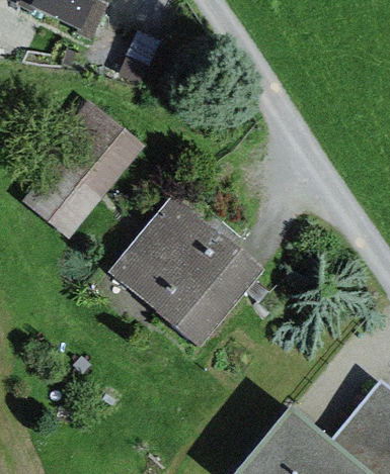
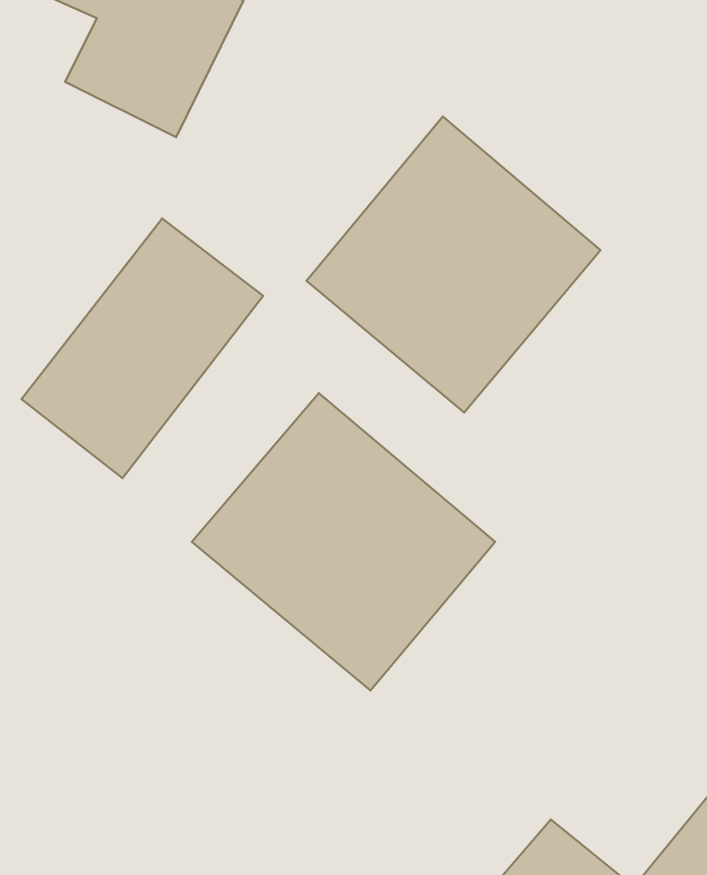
building: none -> [306,116,600,413]

